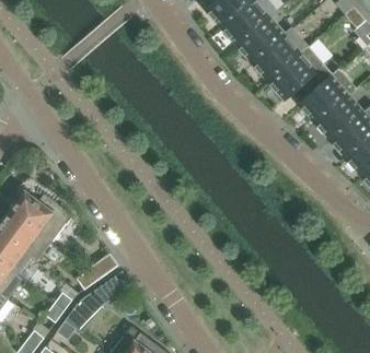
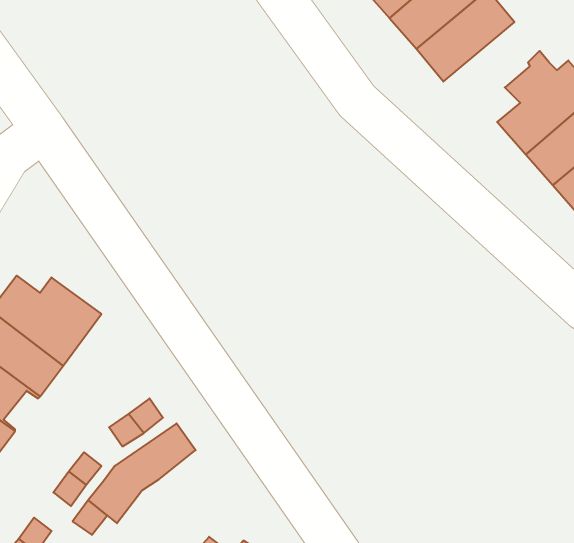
building: [267,47,322,101] -> none

